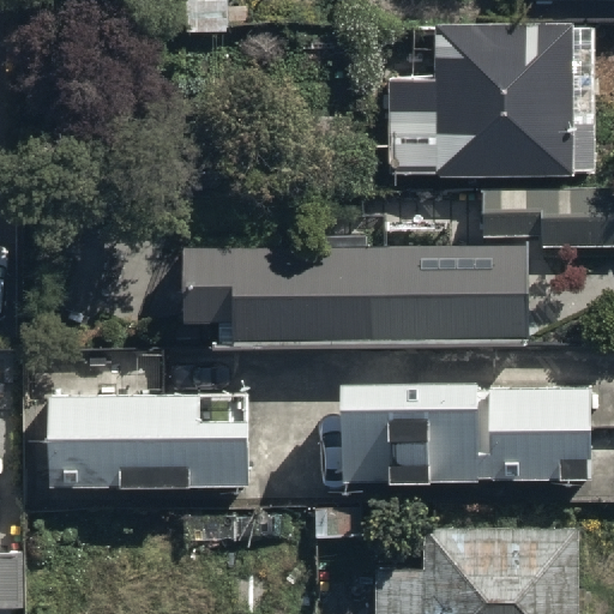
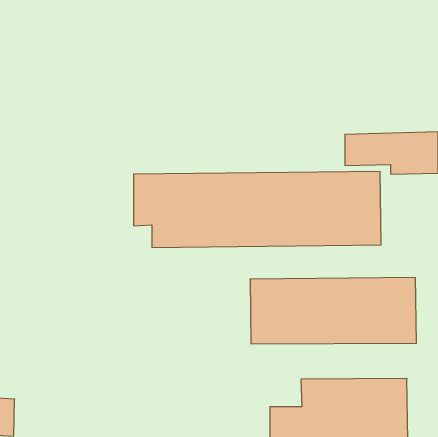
building: [380,22,594,177] -> none
building: [48,393,243,495] -> none

